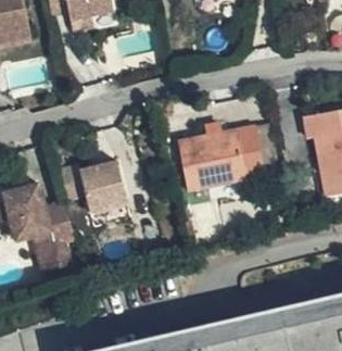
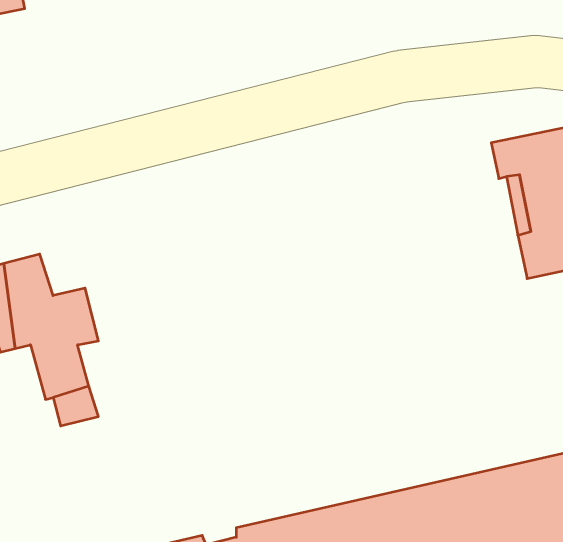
building: [175,124,264,192] -> none
building: [62,155,131,208] -> none

